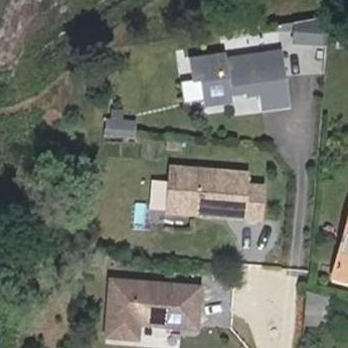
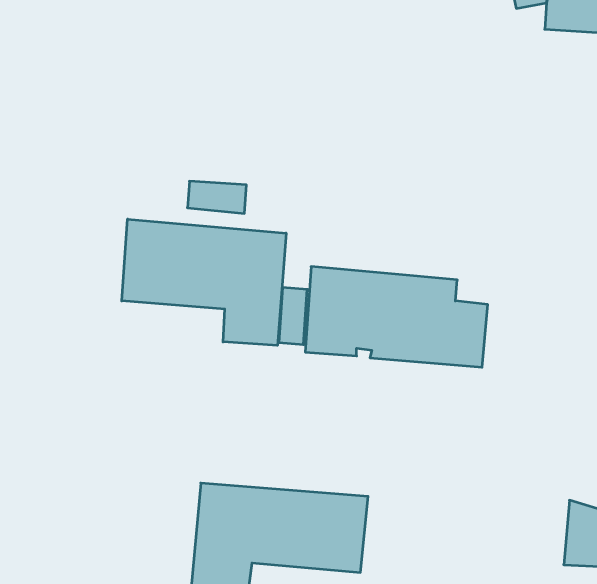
building: [194,51,287,107] -> none
building: none -> [122,219,286,345]

